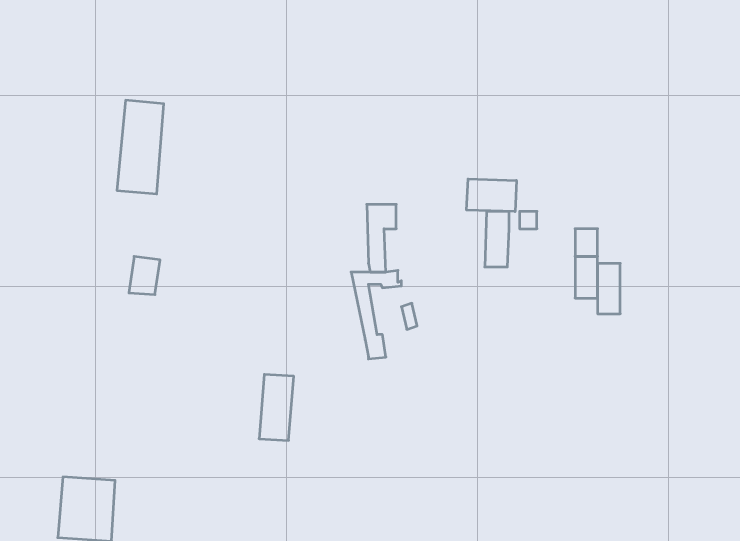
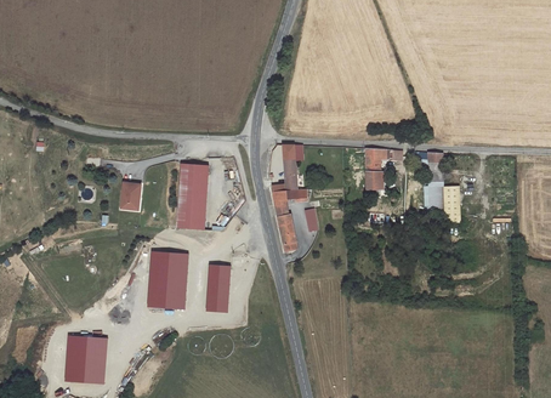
building: [117,100,164,194] -> [174,163,206,228]
building: [467,179,516,212] -> none
building: none -> [149,250,188,308]

